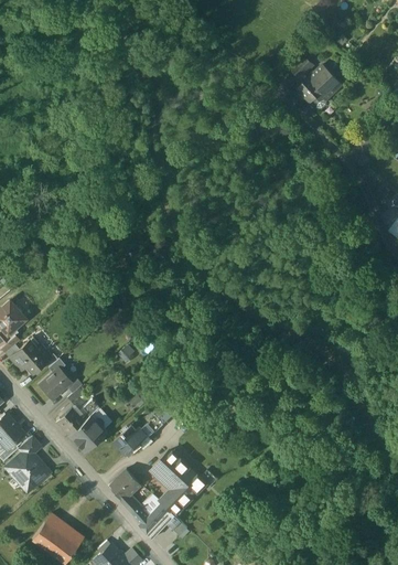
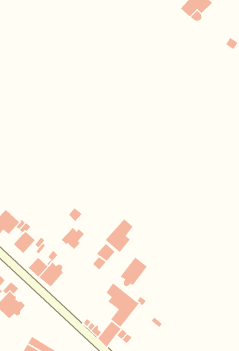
building: none -> [105,218,134,253]
building: none -> [120,256,148,287]
building: [114,424,147,455] -> [61,227,85,250]
building: [109,469,139,499] -> none

